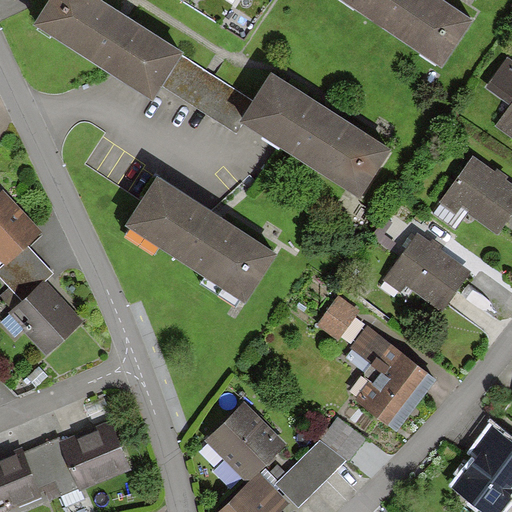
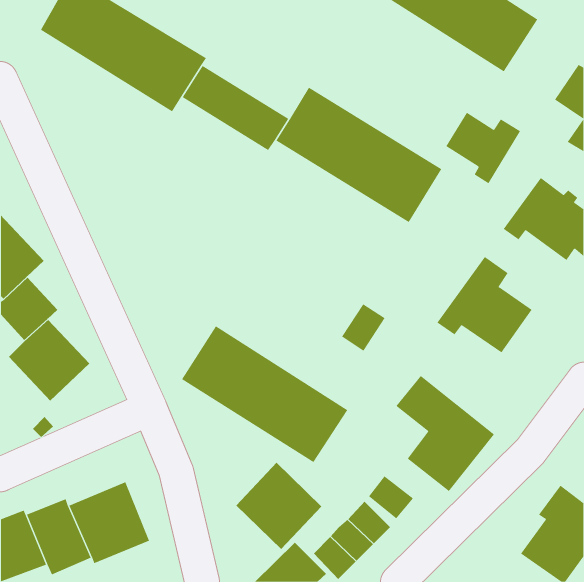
building: none -> [446,112,521,184]
building: [128,181,274,301] -> [181,325,348,463]
building: [317,294,356,336] -> [341,303,386,351]

